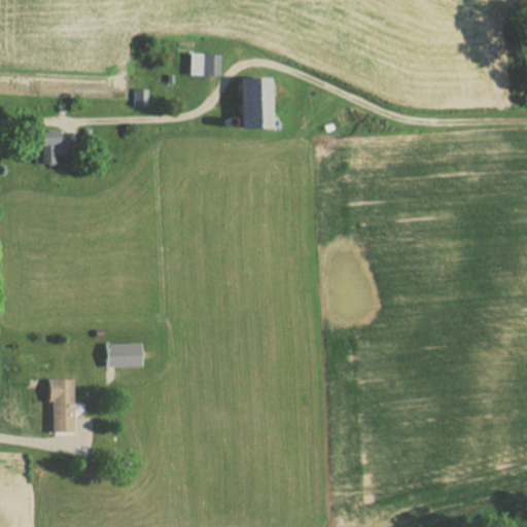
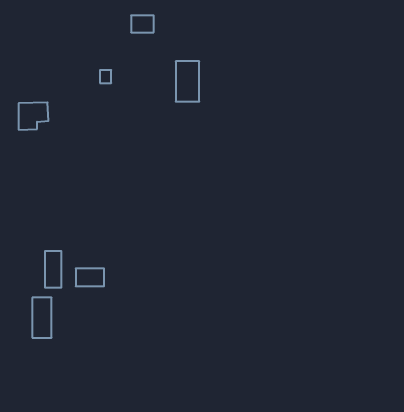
building: [191,55,220,76] -> [131,15,154,32]
building: none -> [45,251,61,288]

